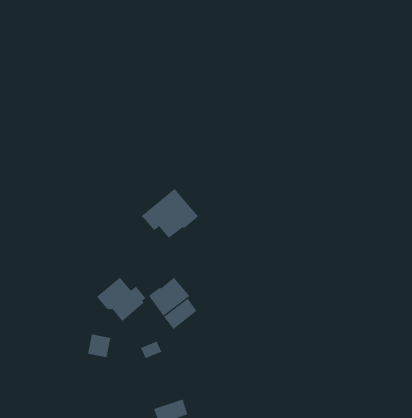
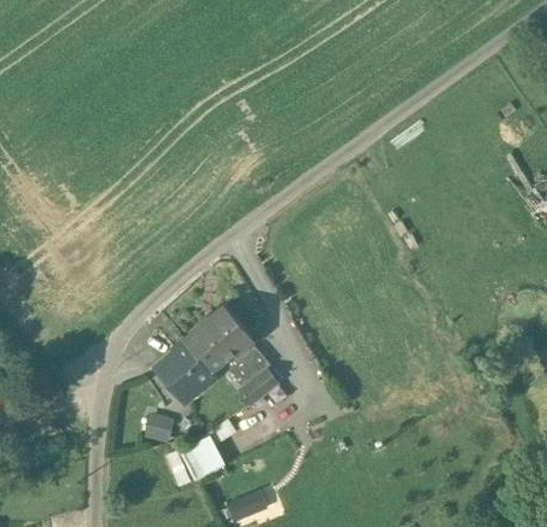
building: [141,188,199,239] -> [182,306,252,368]
building: none -> [180,437,222,481]

